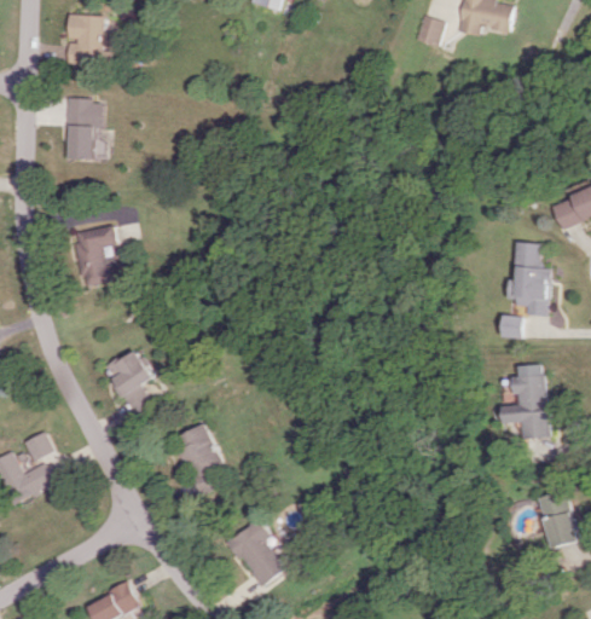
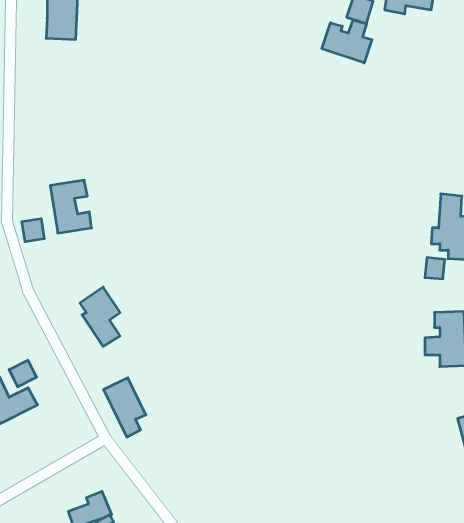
building: none -> [322,20,372,63]
building: [65,98,103,158] -> none
building: none -> [22,219,44,242]
building: [175,423,224,491] -> [104,378,146,437]
building: [230,517,288,585] -> none

